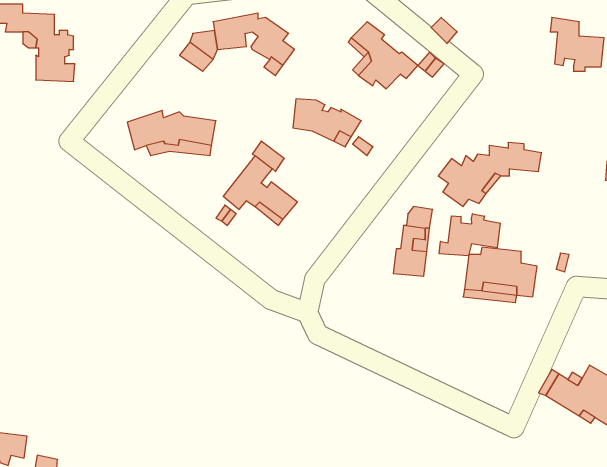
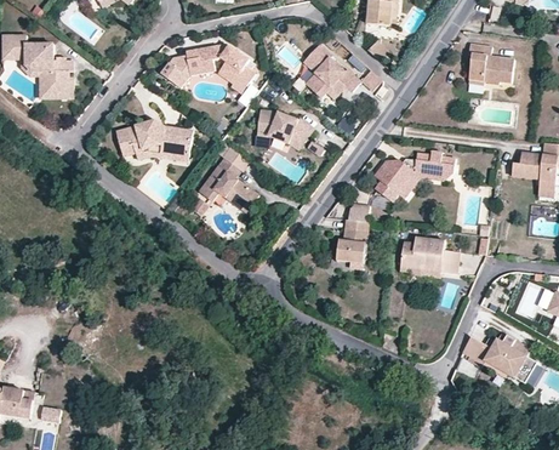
building: [439,214,500,256] -> none

